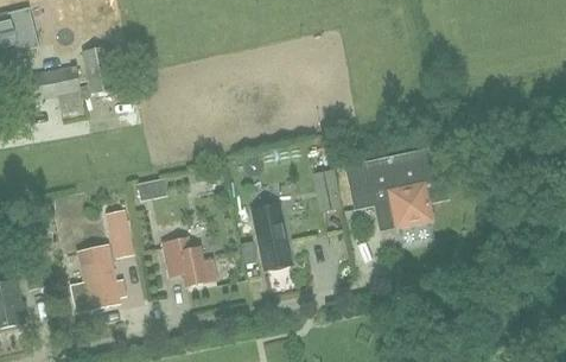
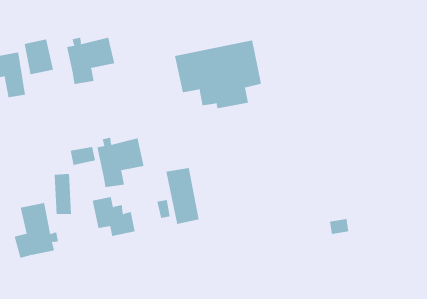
building: none -> [66,37,115,85]
building: [344,147,449,229] -> [174,40,262,109]
building: none -> [97,137,144,188]

